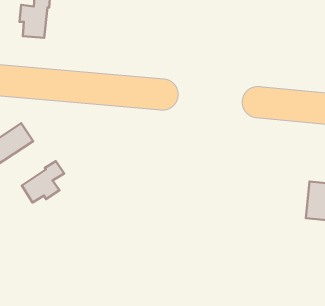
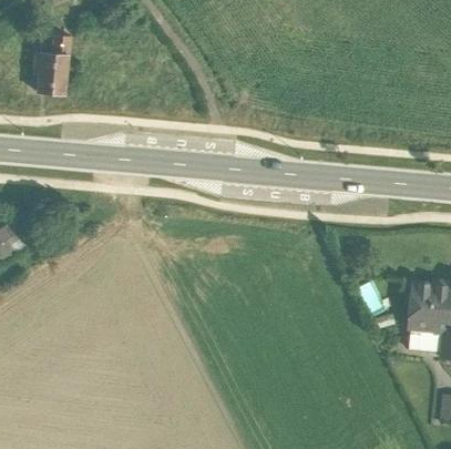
building: [22,161,64,203] -> none

